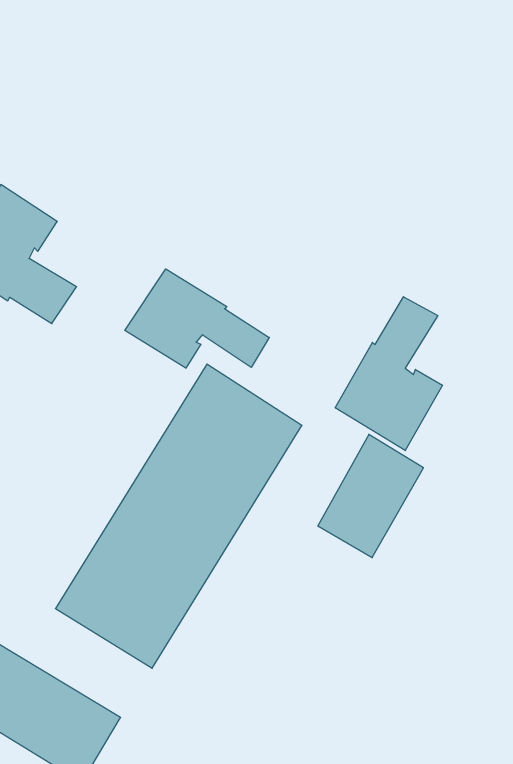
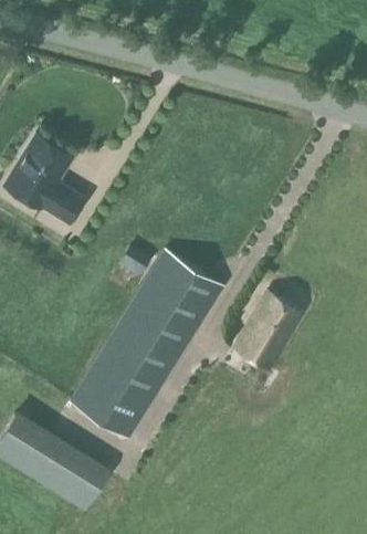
building: [125,269,269,368] -> none
building: [335,297,442,451] -> none

